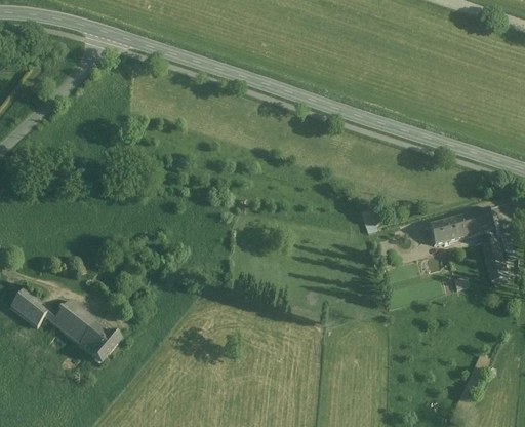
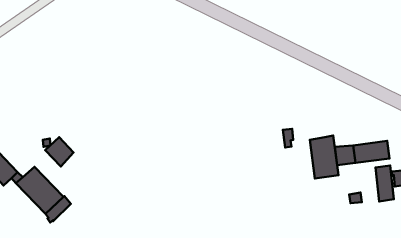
building: none -> [310,135,339,179]
building: none -> [45,137,74,166]

